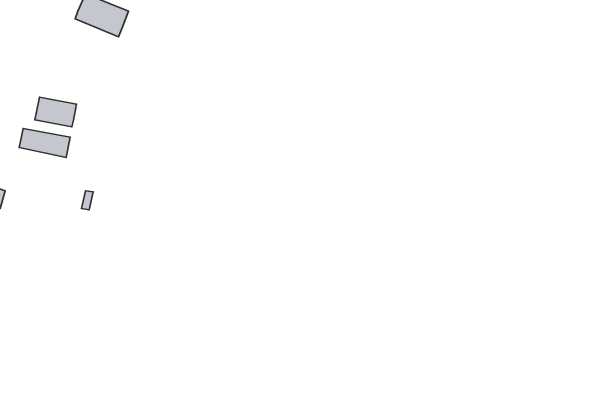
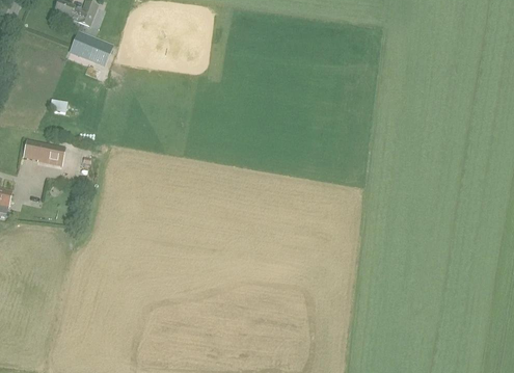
building: [35,97,76,127] -> none

